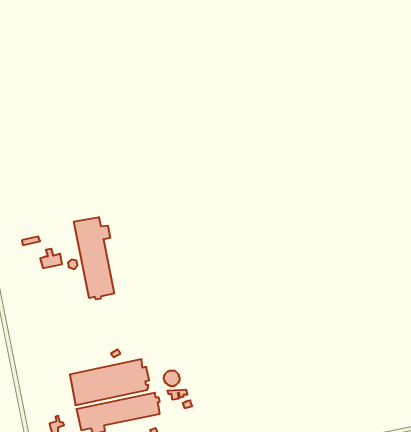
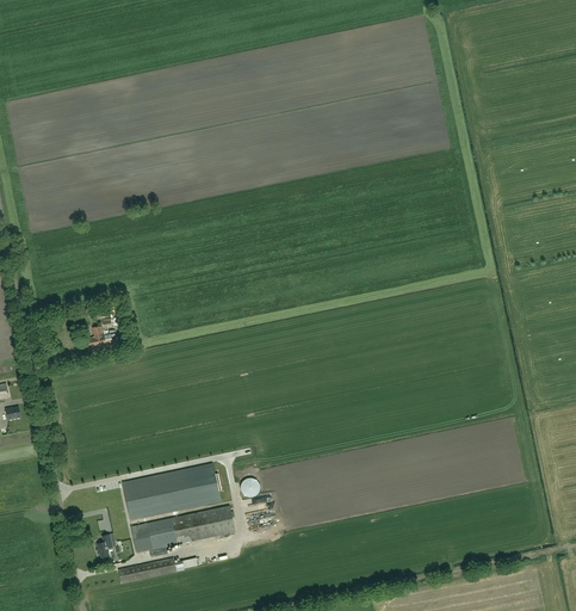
building: [74,217,114,299] -> none

